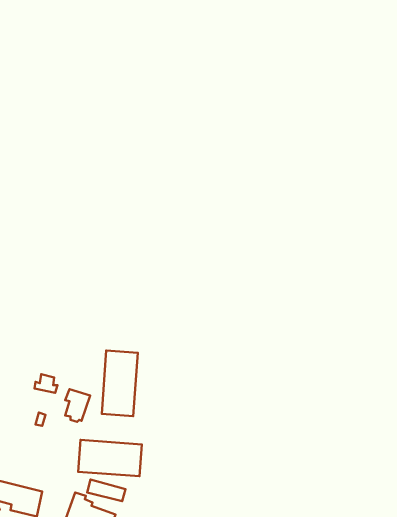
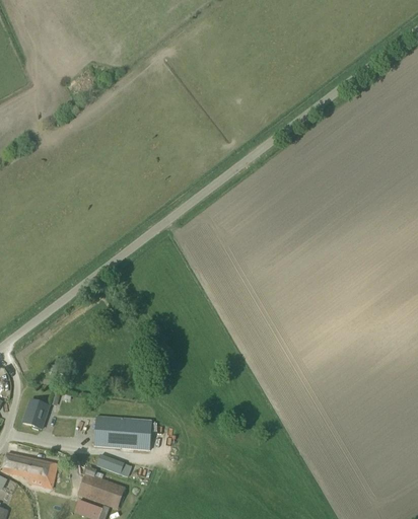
building: [102,351,138,416] -> none
building: [65,389,90,422] -> [26,398,50,429]

